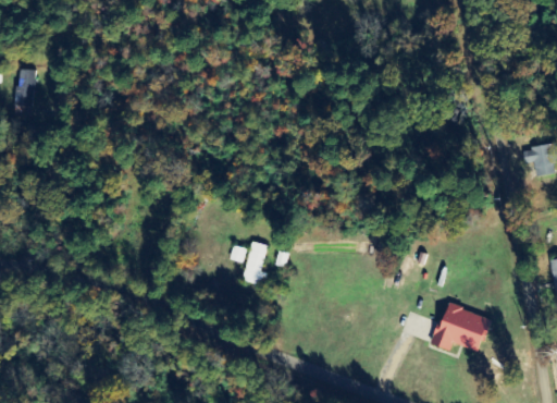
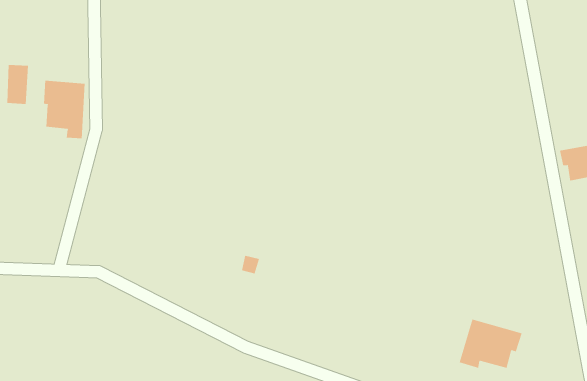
building: none -> [44,80,85,139]
building: [244,242,270,285] -> none

